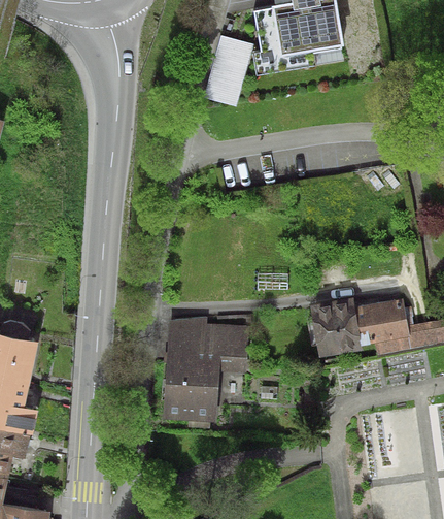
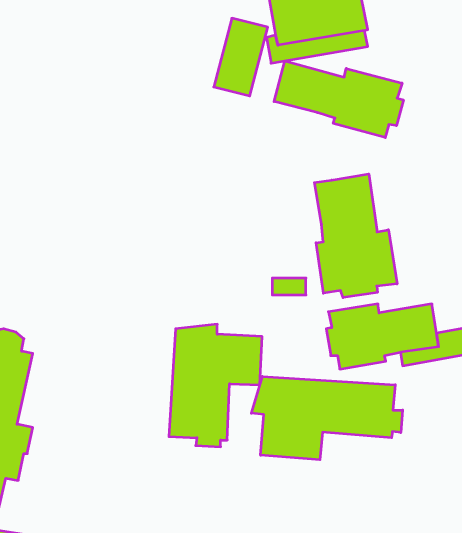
building: none -> [274,61,403,138]
building: none -> [314,174,397,298]
building: none -> [251,376,403,460]

